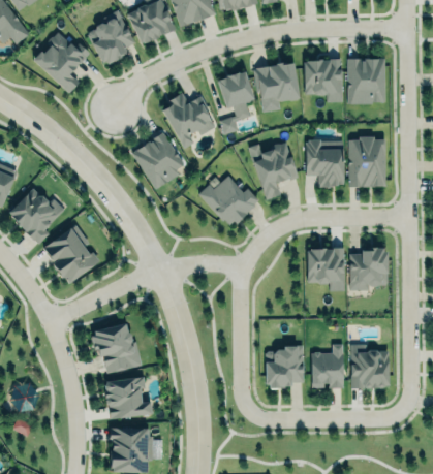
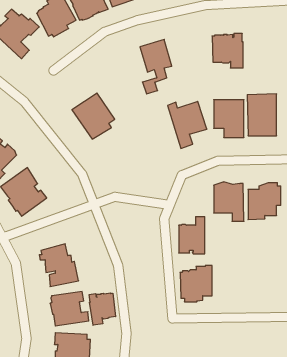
building: [347,58,385,103] -> none
building: [253,62,299,110] -> none
building: [163,94,216,148] -> none
building: [197,173,259,223] -> none
building: [311,343,343,388] -> [179,217,205,254]
building: [350,345,390,388] -> none
building: none -> [89,293,116,325]

